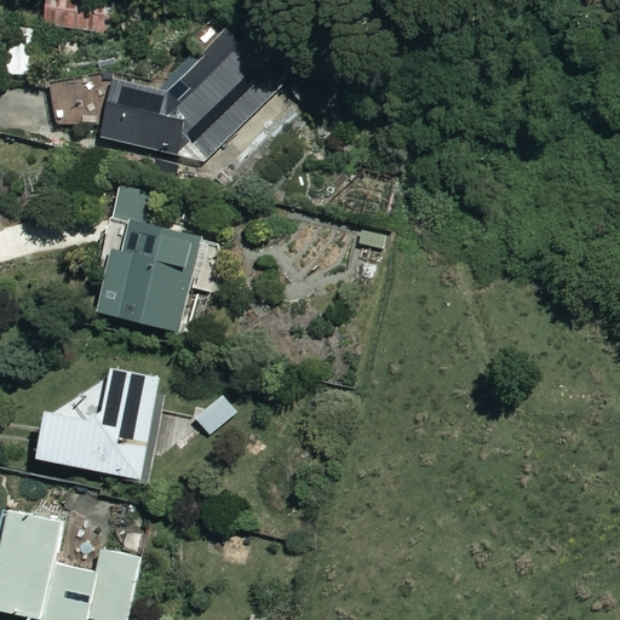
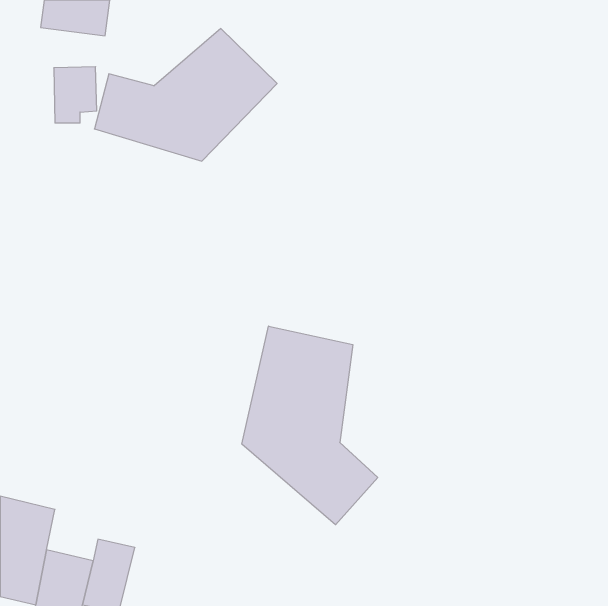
building: [93,216,193,329] -> none
building: none -> [242,326,378,525]
building: [31,366,161,480] -> none

